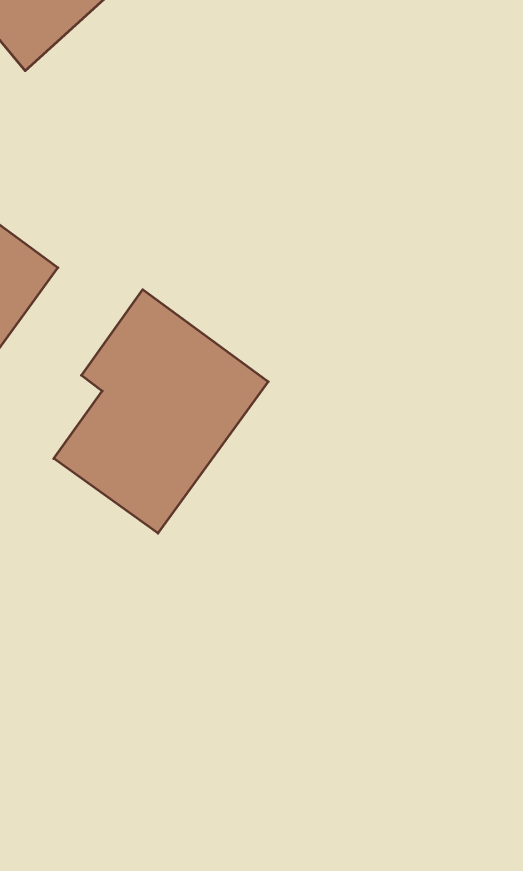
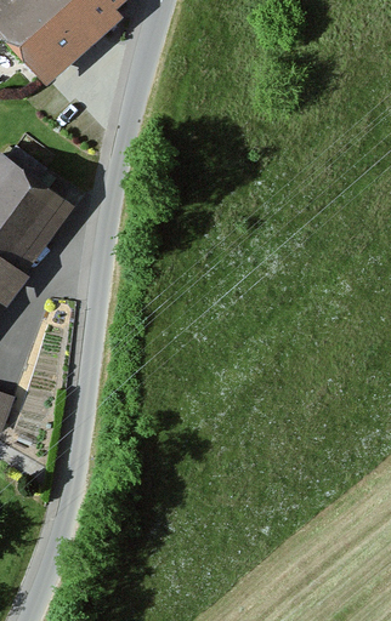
building: [54,290,268,533] -> none

